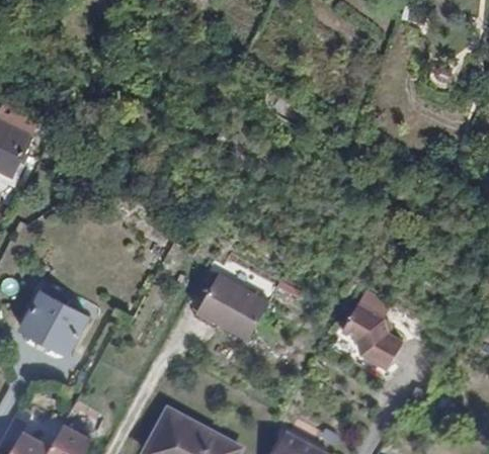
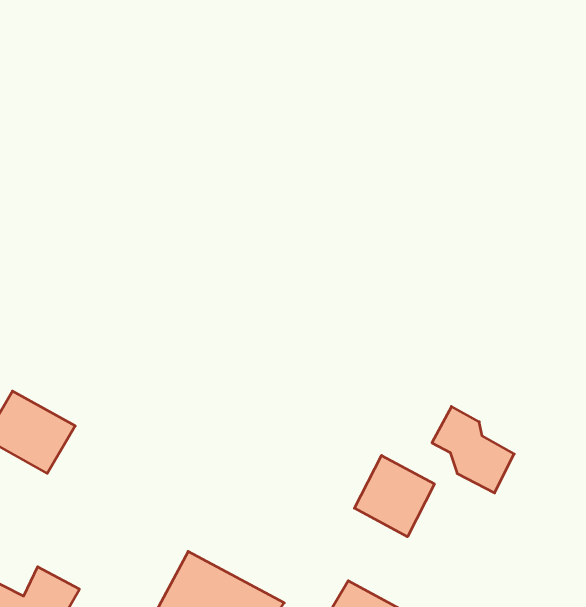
building: [198,272,254,329] -> none
building: none -> [354,455,434,537]

